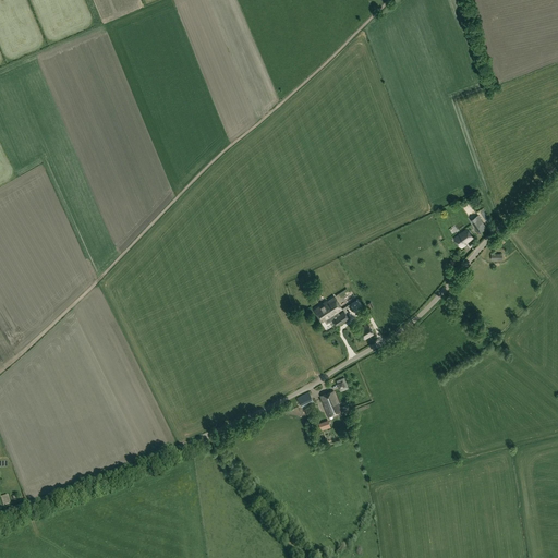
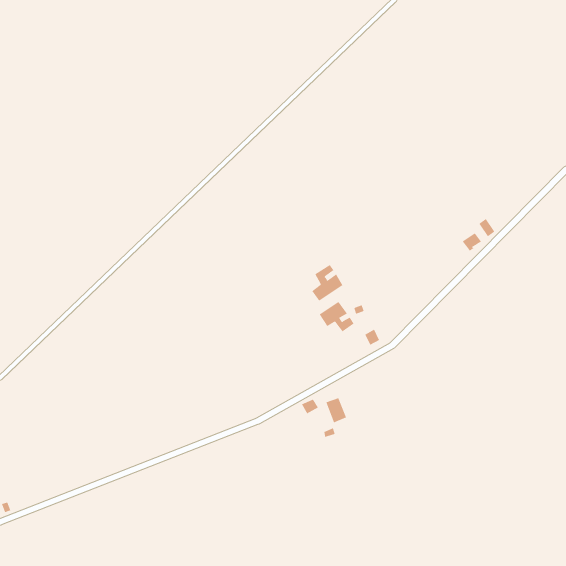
building: none -> [311,264,343,302]

